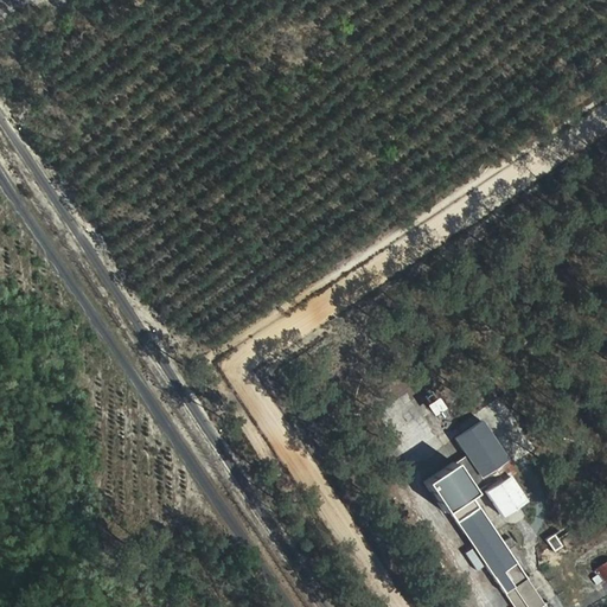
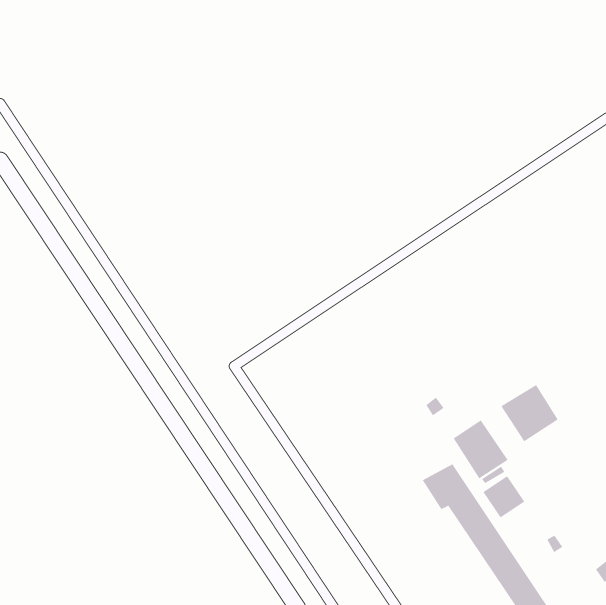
building: none -> [500,384,559,442]

